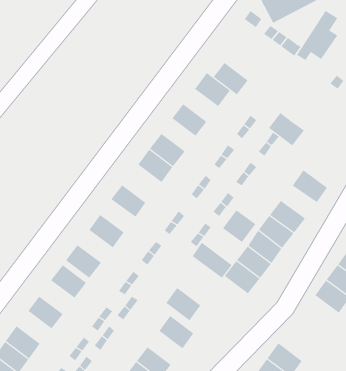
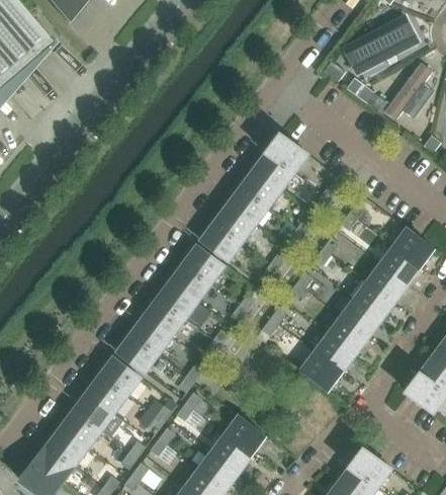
building: [213,62,249,95] -> [253,151,294,189]
building: [268,112,305,146] -> [392,227,435,266]
building: none -> [228,185,268,224]
building: none -> [182,244,225,283]
building: none -> [366,263,409,302]
building: none -> [157,279,198,318]
building: [222,209,256,243] -> none
building: none -> [130,315,172,353]
building: [192,242,232,278] -> none
building: none -> [86,374,127,413]
building: [165,287,201,321] -> [211,432,253,472]
building: none -> [60,409,101,447]

